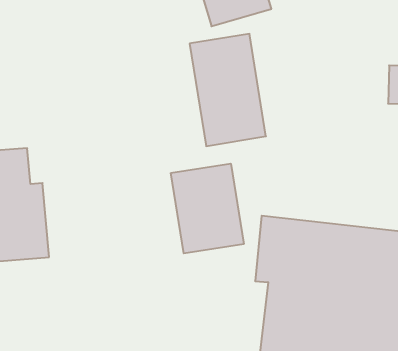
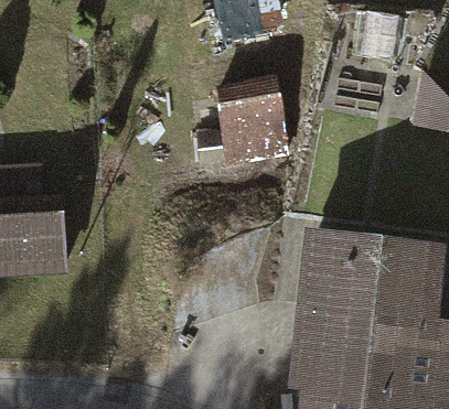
building: [171,164,244,253] -> none

